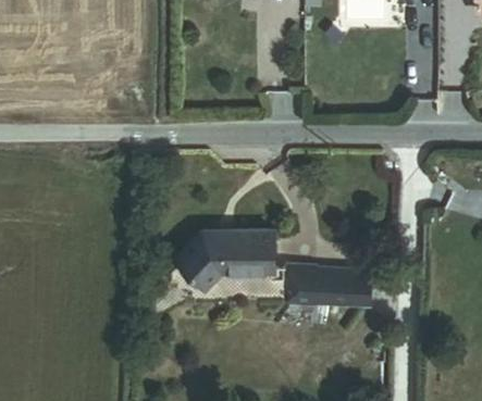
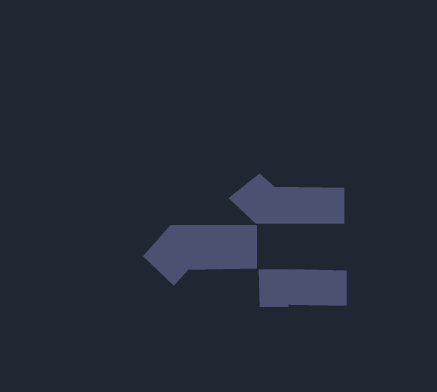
building: none -> [227,172,345,225]

